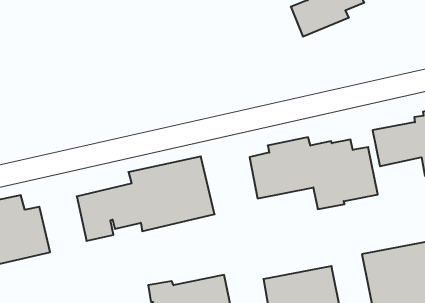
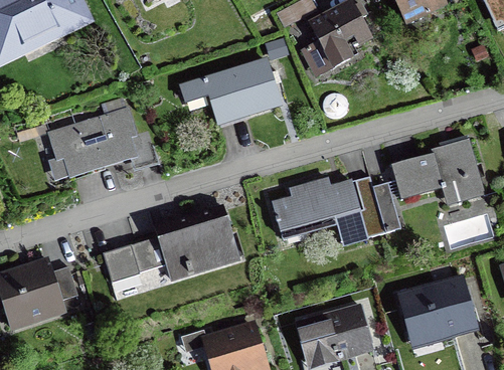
building: none -> [178,56,283,128]
building: none -> [47,95,139,180]

